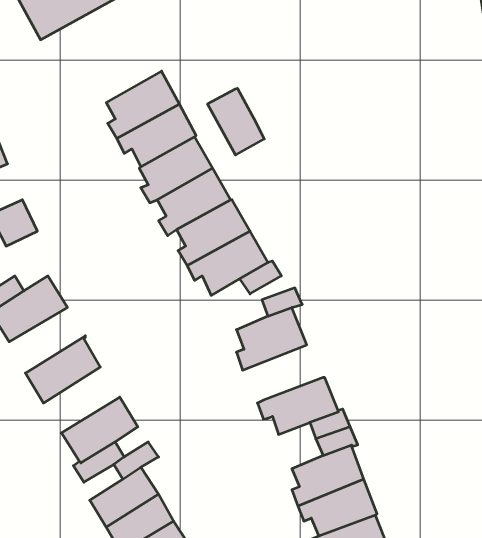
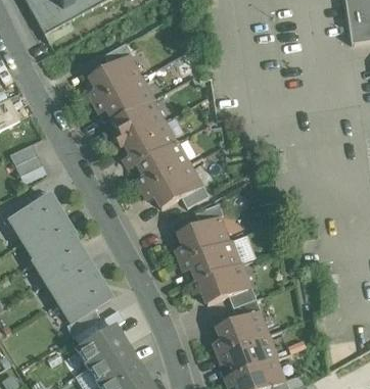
building: [208,88,264,155] -> none
building: none -> [22,216,75,261]
building: none -> [182,242,237,280]
building: none -> [46,257,98,302]

